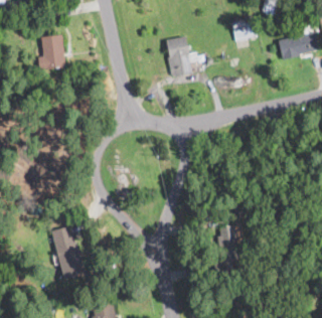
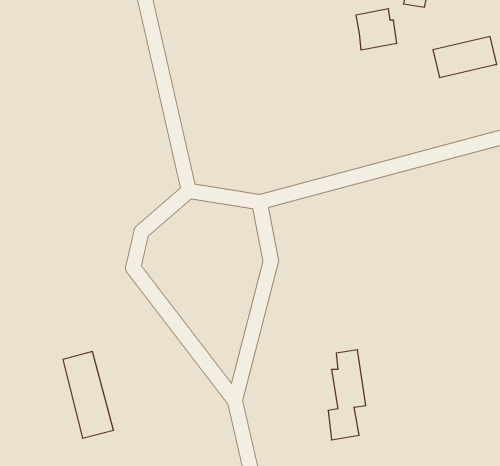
building: [38,35,64,69] -> none
building: [166,36,198,77] -> none

